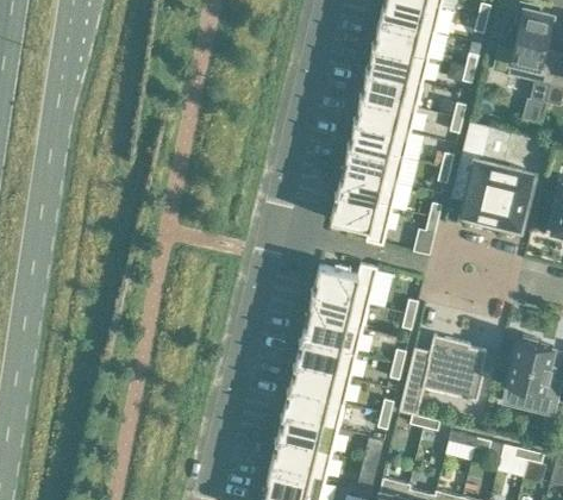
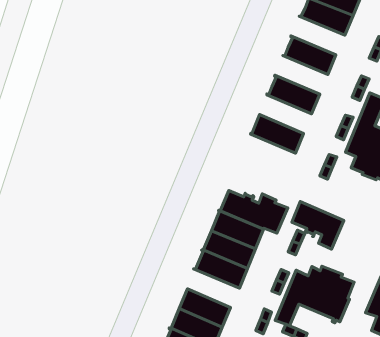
building: [365,44,430,83] -> none
building: [354,94,417,133] -> none
building: [343,144,405,183] -> none
building: [331,194,393,245] -> [292,202,344,249]
building: [289,365,351,405] -> none

